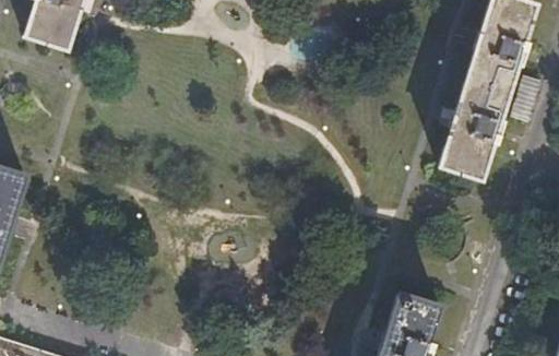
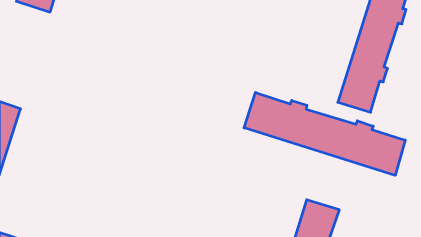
building: none -> [244,92,405,175]

